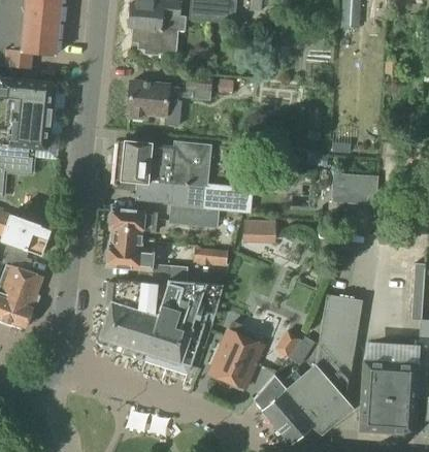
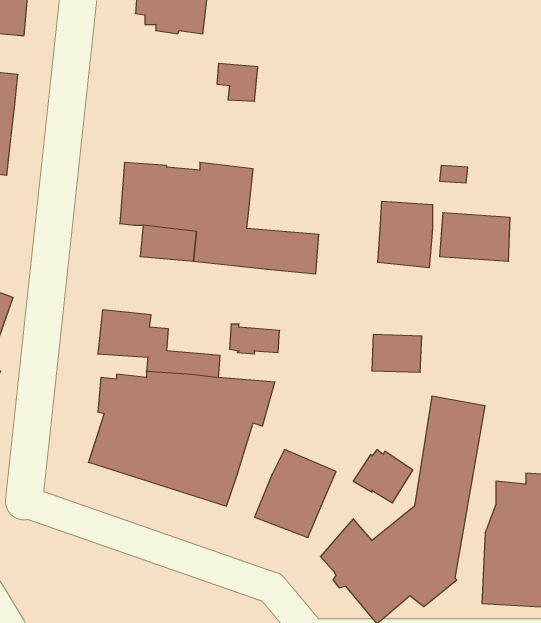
building: [128,82,182,126] -> none
building: none -> [378,201,433,268]
building: [169,205,219,228] -> none
building: [110,208,157,240] -> none
building: [243,219,276,244] -> [372,335,422,372]

